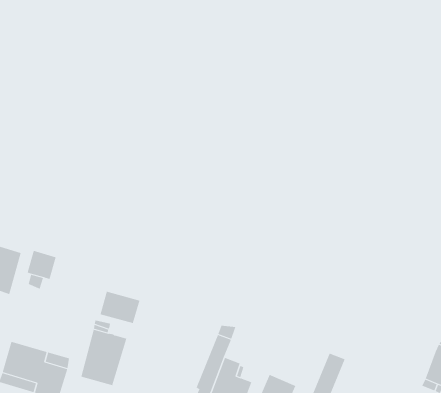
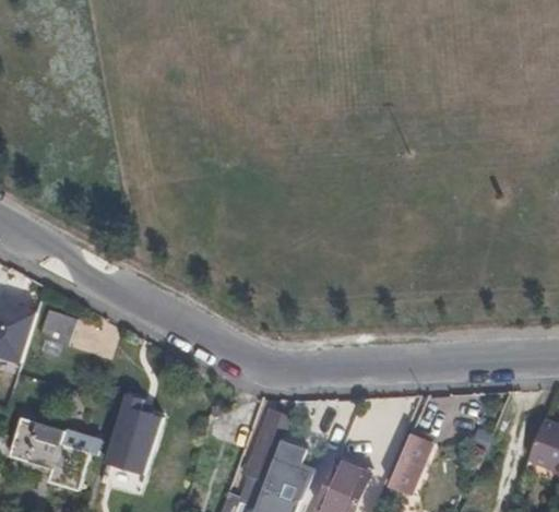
building: [100,291,140,324] -> none

